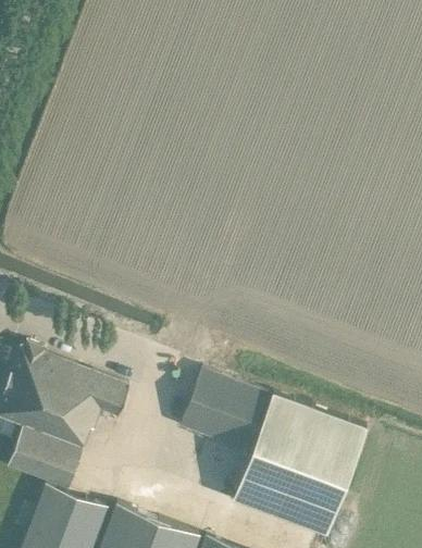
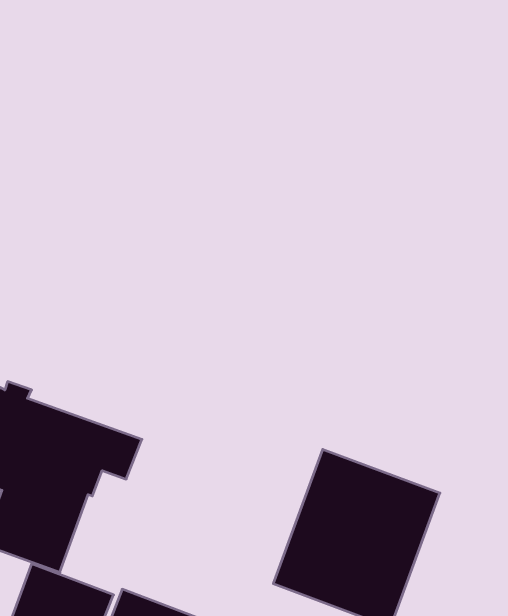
building: [181,366,270,450] -> none

